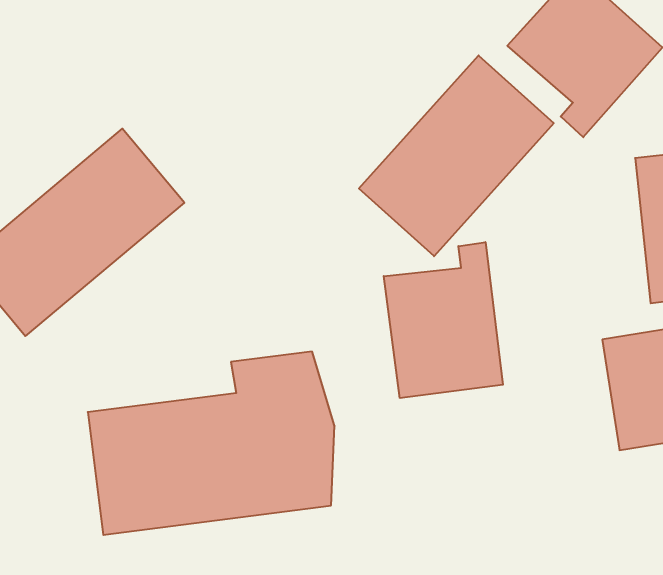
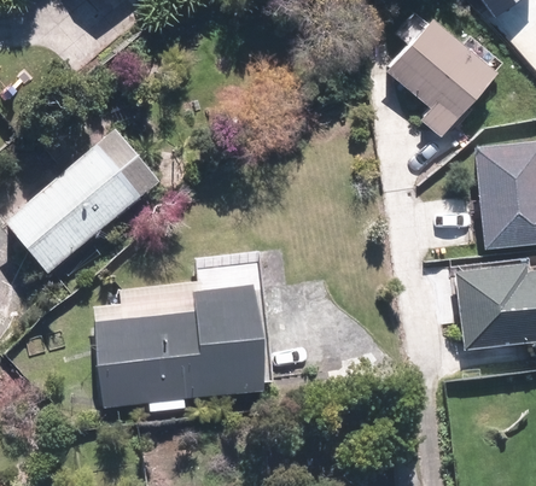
building: [359,55,554,256] -> none
building: [384,242,503,398] -> none

